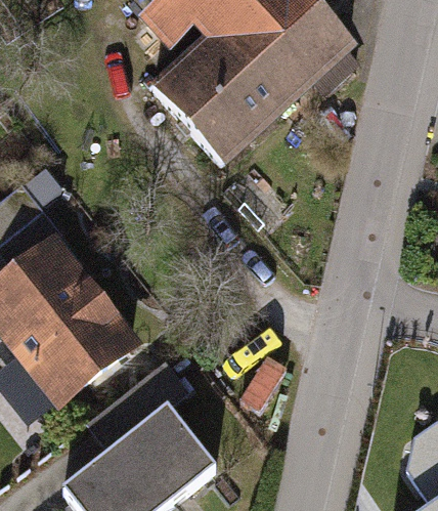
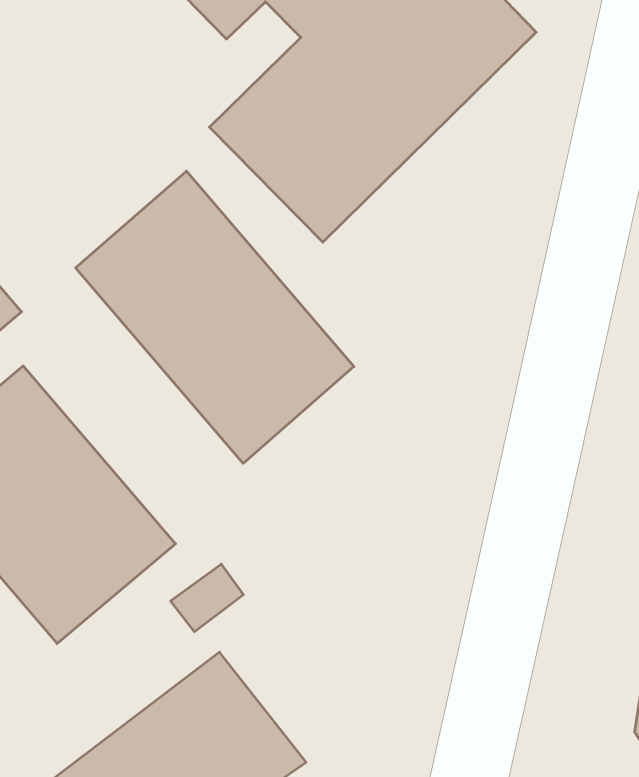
building: none -> [76,171,354,463]

